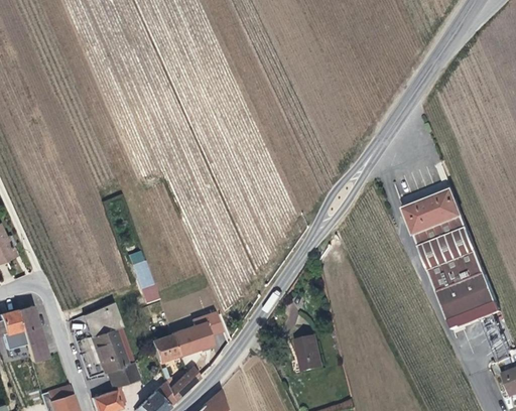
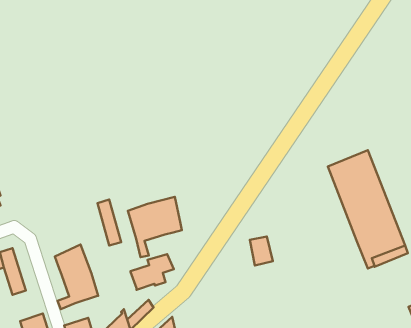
building: none -> [128,197,182,257]
building: [150,335,178,362] -> none
building: [295,338,322,373] -> [250,236,273,265]
building: [106,364,139,390] -> none

